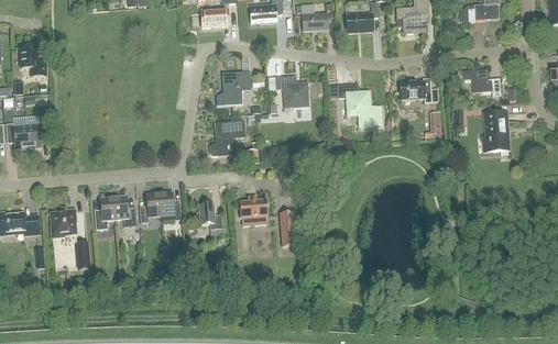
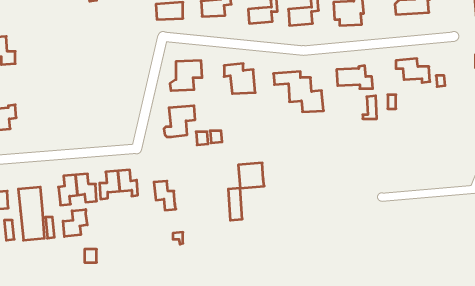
building: [484,111,510,151] -> none
building: [239,198,267,225] -> [238,163,264,188]
building: none -> [63,209,87,237]

